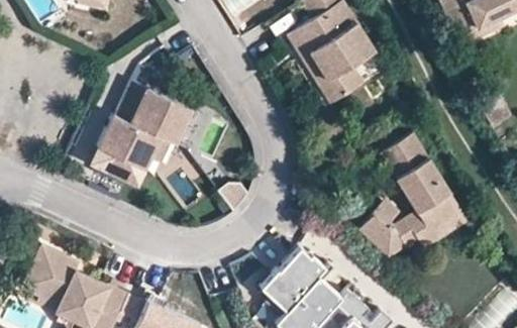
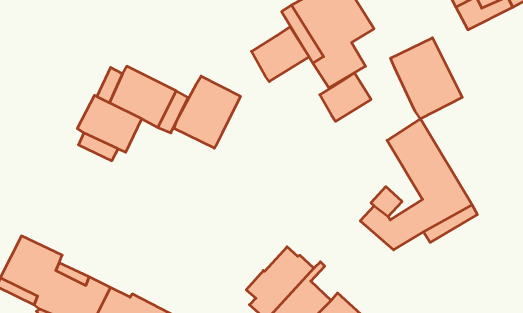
building: none -> [251,27,309,82]
building: none -> [391,38,462,119]
building: none -> [320,73,371,121]
building: none -> [174,76,240,148]

